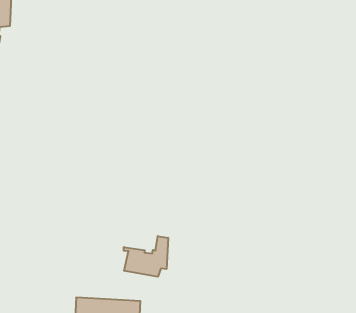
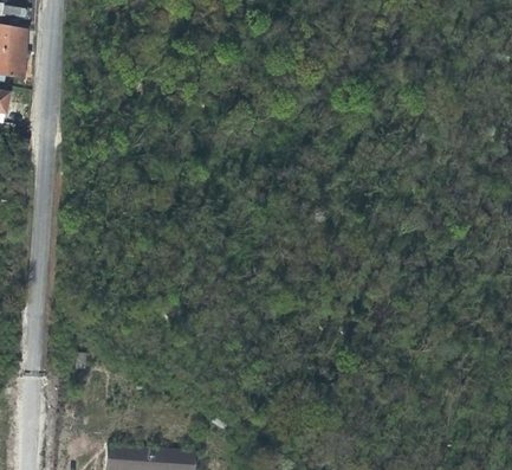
building: [124,236,168,277] -> none

